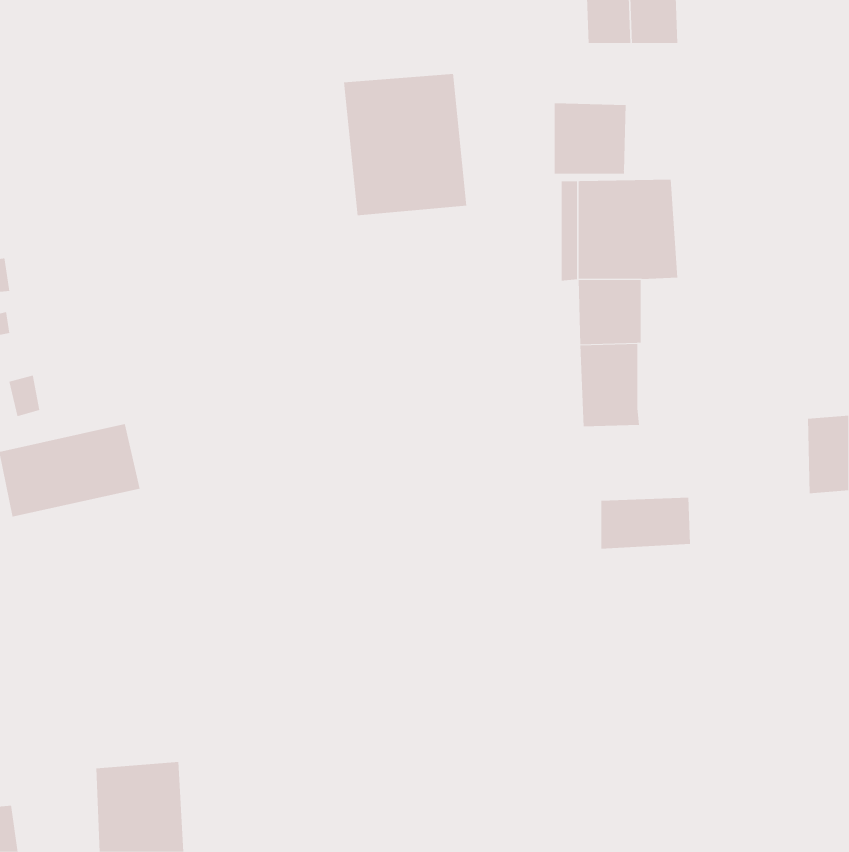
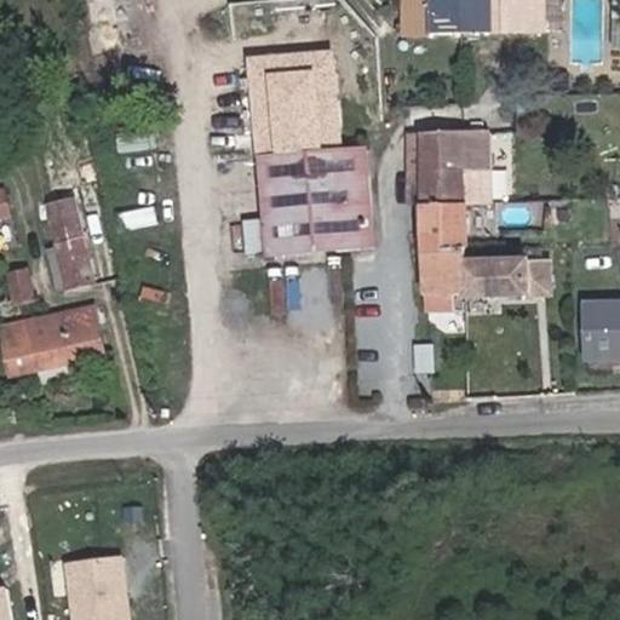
building: [554,102,626,174] -> none
building: none -> [258,147,371,253]
building: none -> [45,199,92,287]
building: [600,497,691,549] -> [461,258,527,295]

